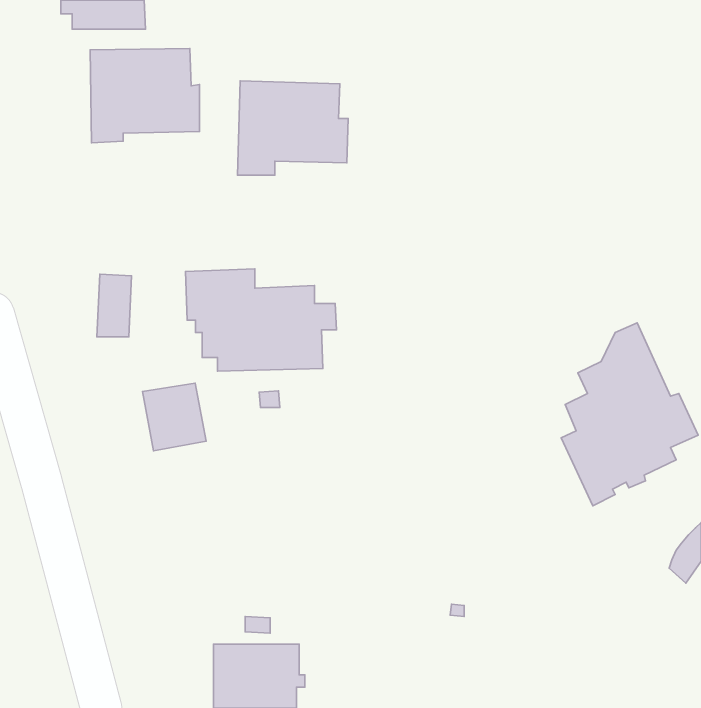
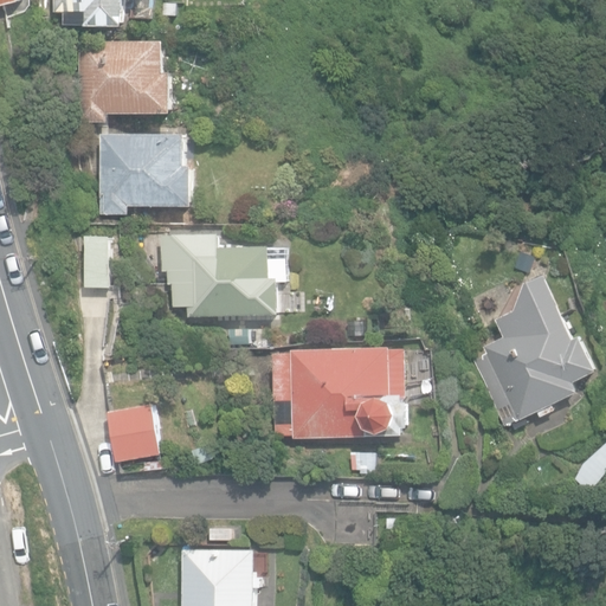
building: [237,81,348,175] -> [97,135,192,215]
building: [142,383,206,451] -> [104,404,159,462]
building: none -> [272,348,406,438]

